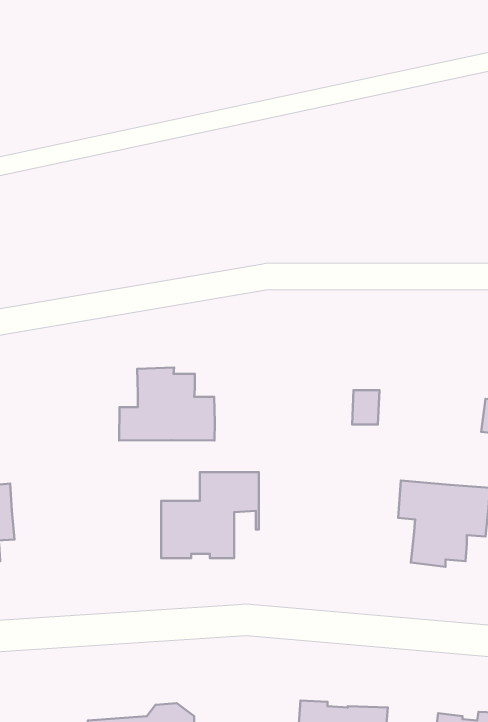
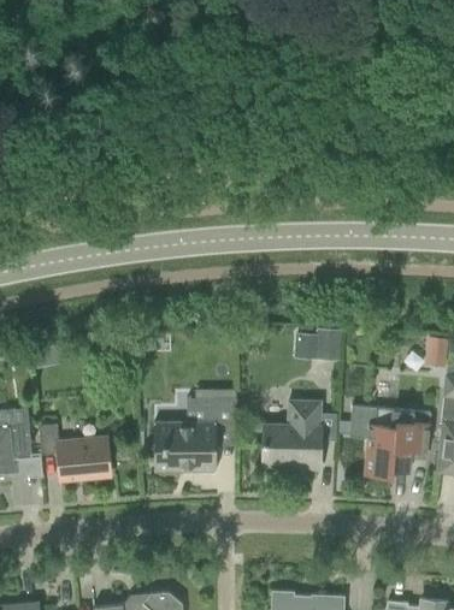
building: [119,367,215,440] -> none
building: none -> [263,401,320,469]
building: none -> [39,425,110,480]

